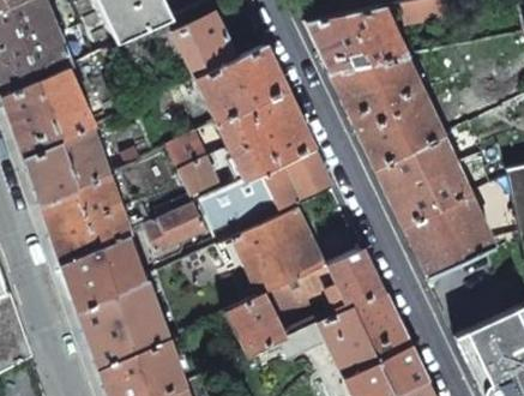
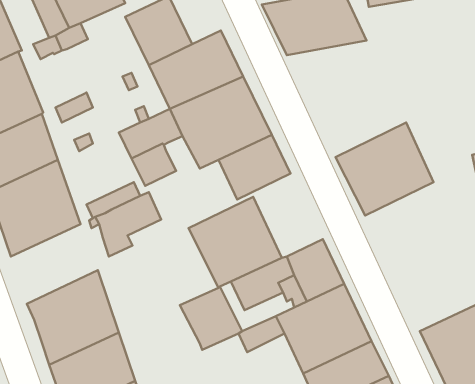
building: [329,55,444,168] -> none
building: [199,170,281,238] -> none
building: [404,192,495,277] -> none
building: [62,233,146,310] -> none

